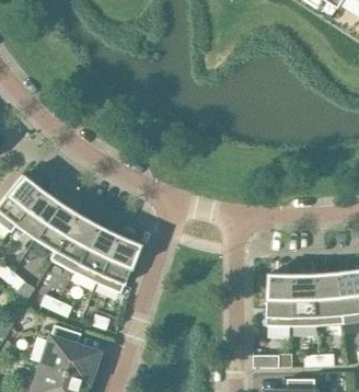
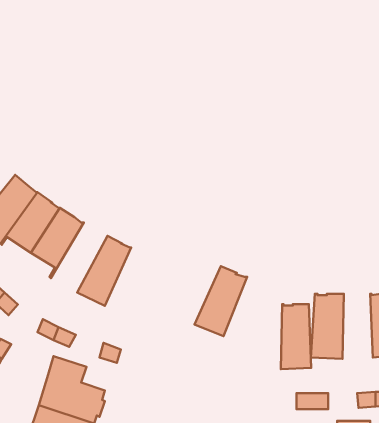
building: [50,215,97,273] -> none
building: [95,235,139,293] -> [194,266,247,336]
building: [292,274,317,327] -> [281,304,311,369]

